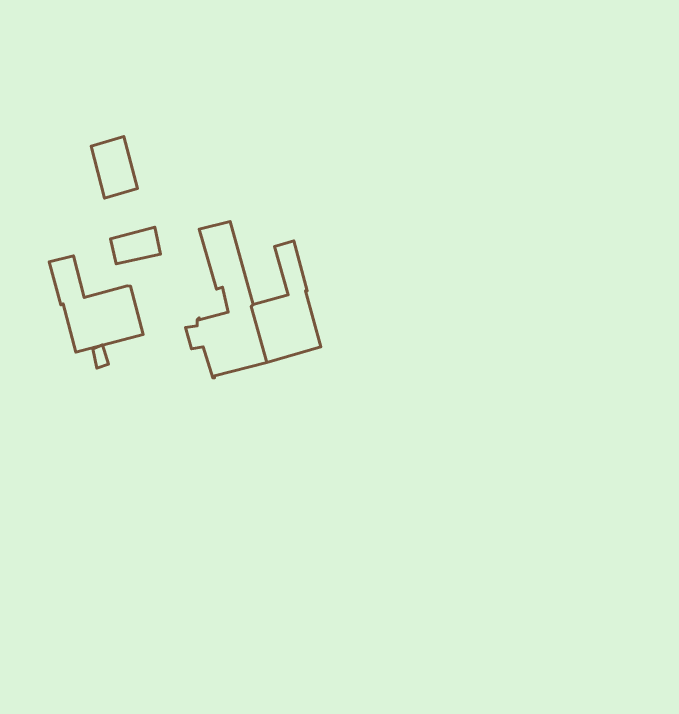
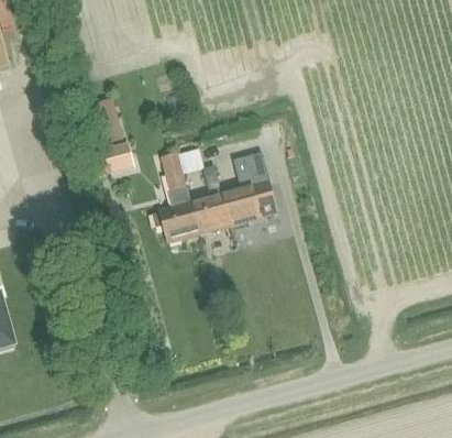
building: none -> [220,149,277,222]
building: [49,256,143,352] -> none

